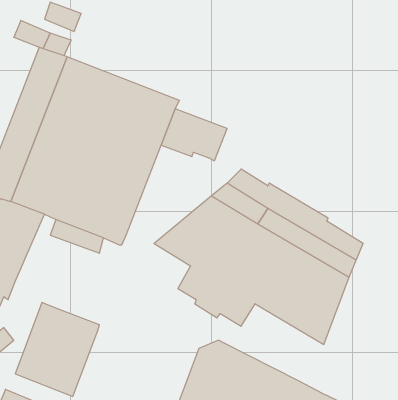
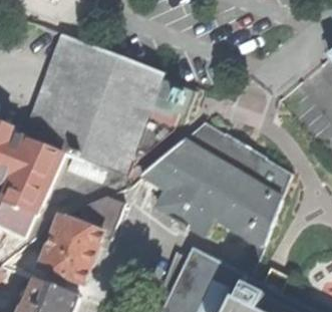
building: none -> [75,198,122,241]

